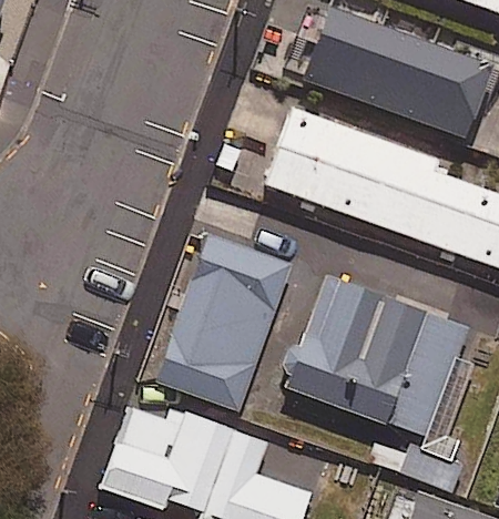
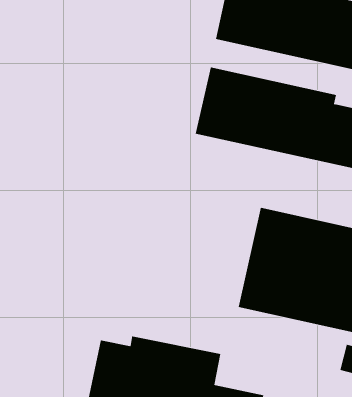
building: [152,234,292,411] -> none

